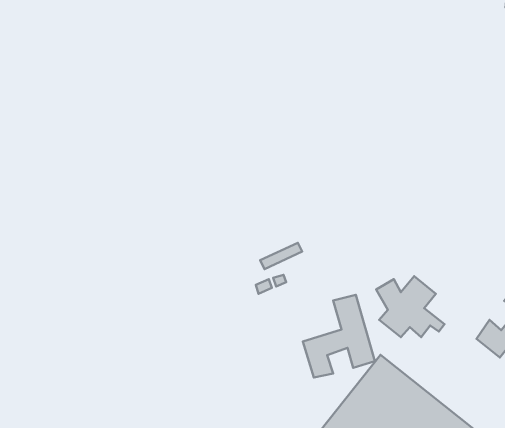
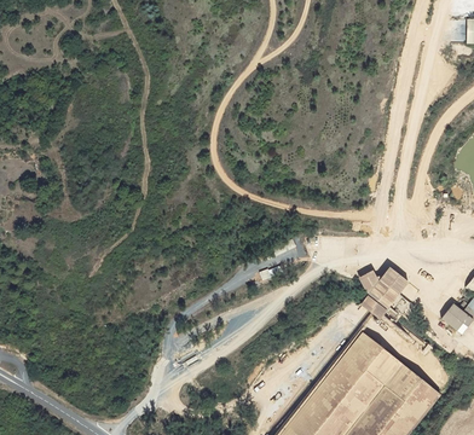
building: [303,295,375,378] -> none

